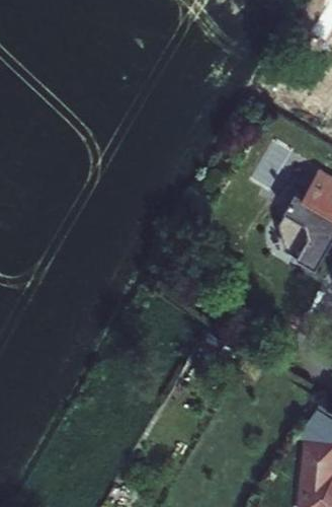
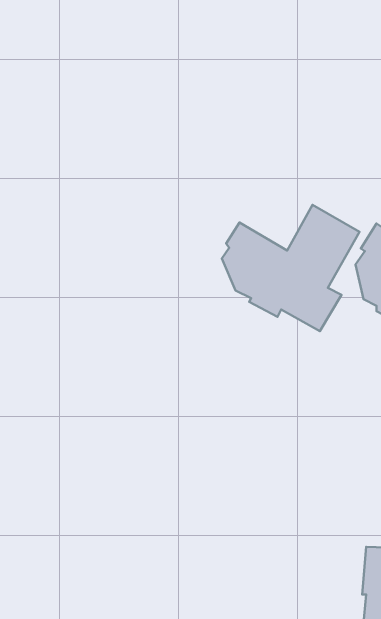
building: none -> [222,205,359,331]

